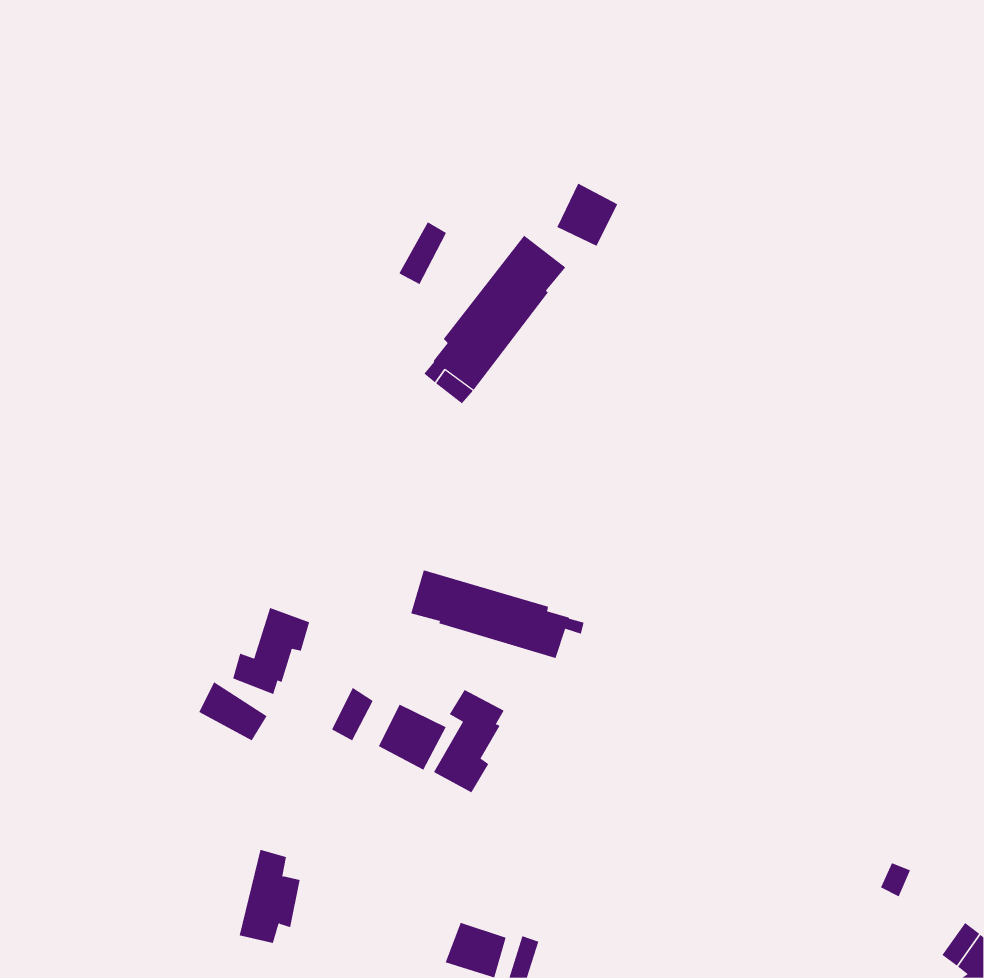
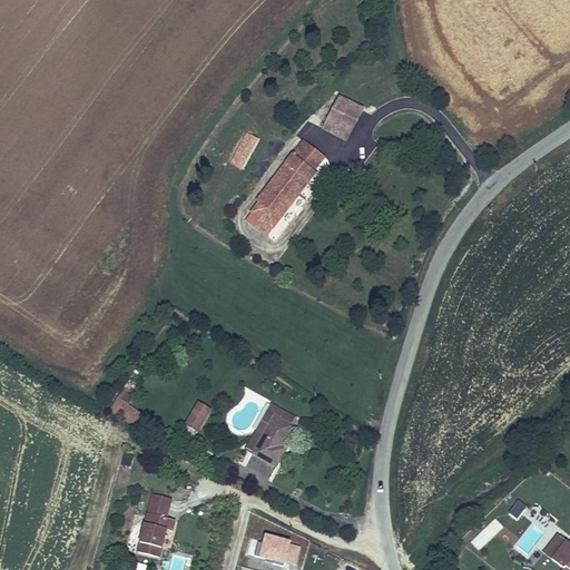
building: [410,570,584,659] -> none
building: [232,607,310,695] -> none
building: [378,704,447,770] -> none

